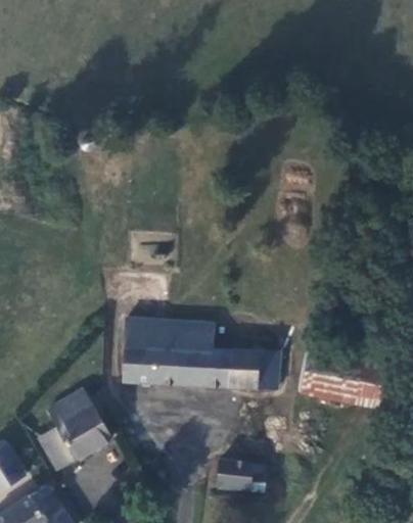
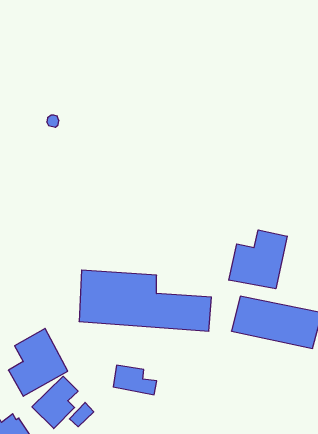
building: none -> [229,230,287,289]
building: [217,461,268,495] -> [113,365,157,395]

